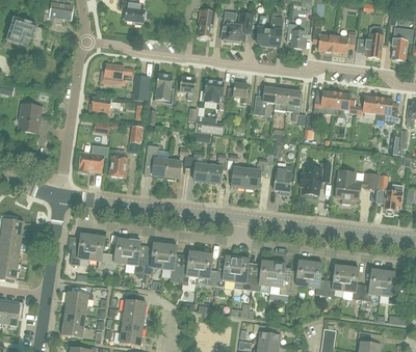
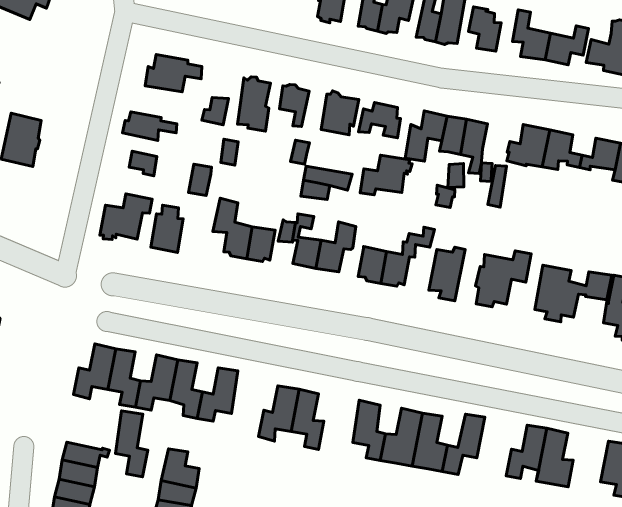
building: none -> [360,155,412,195]
building: [162,243,181,280] -> [115,411,148,477]
building: [214,254,236,287] -> none
building: [307,261,327,294] -> none
building: [361,268,383,301] -> none

